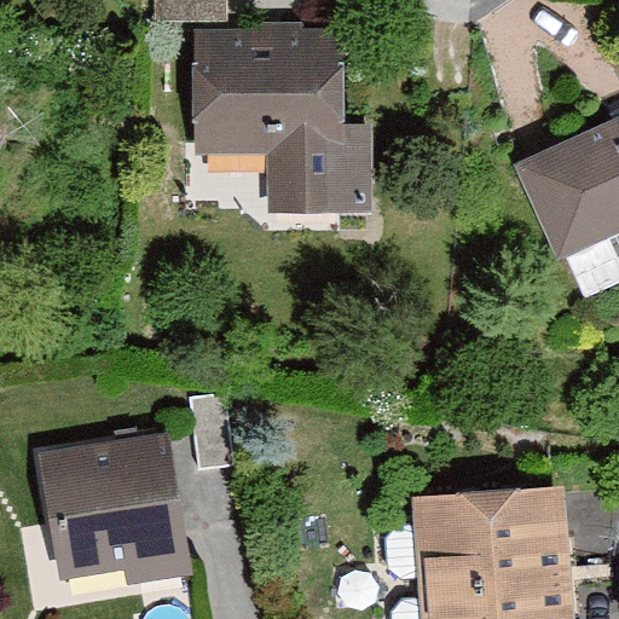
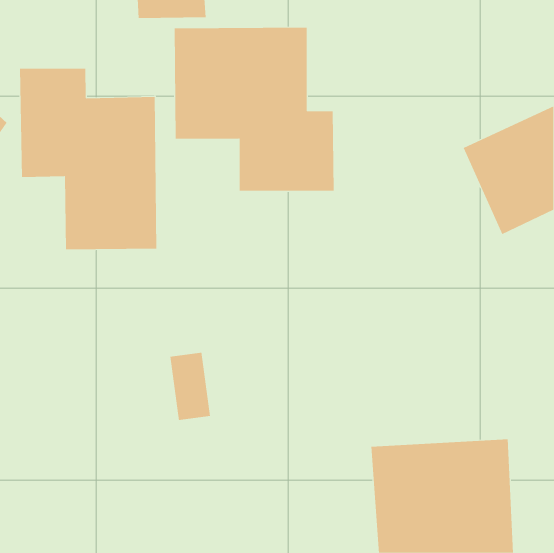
building: none -> [20,68,157,250]
building: [36,429,191,585] -> none

